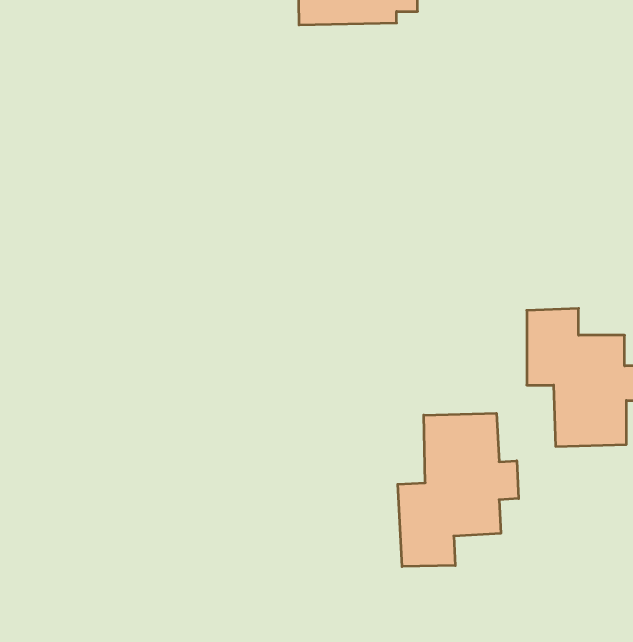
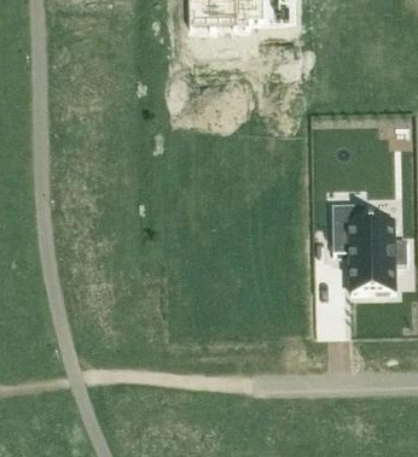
building: [398,413,519,567] -> none

